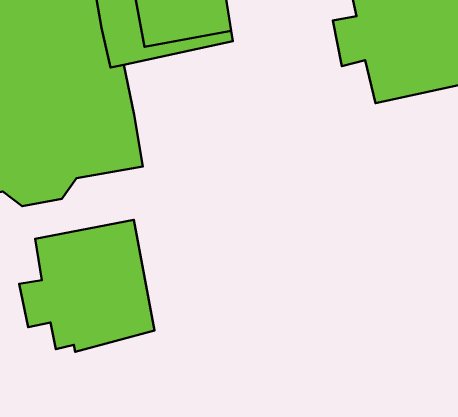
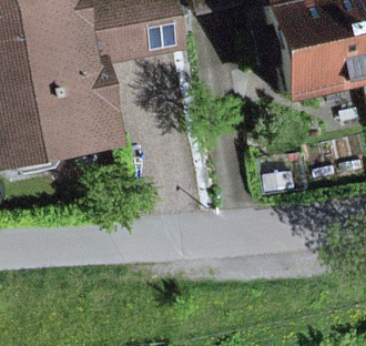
building: [19,220,155,352] -> none

